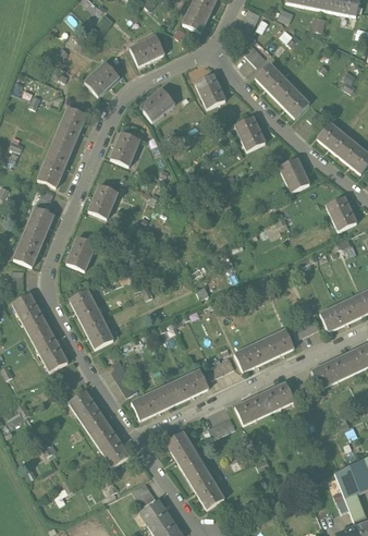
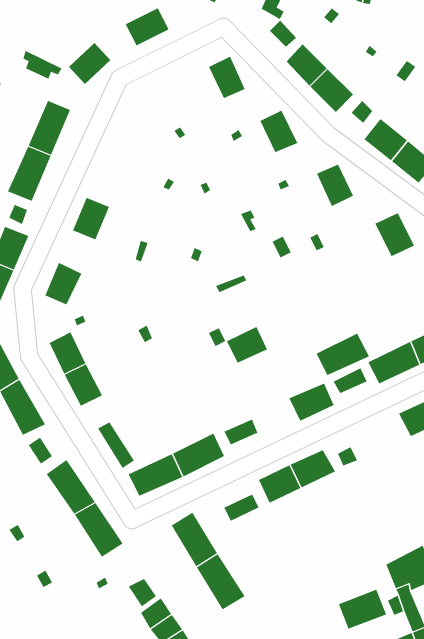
building: [140,87,174,119] -> none
building: [111,131,139,163] -> none
building: [234,341,267,370] -> [226,326,268,363]
building: [311,353,354,387] -> [316,333,370,376]
building: none -> [338,589,387,630]

